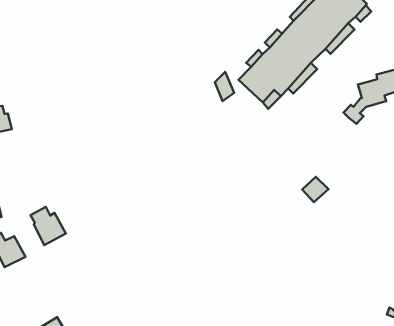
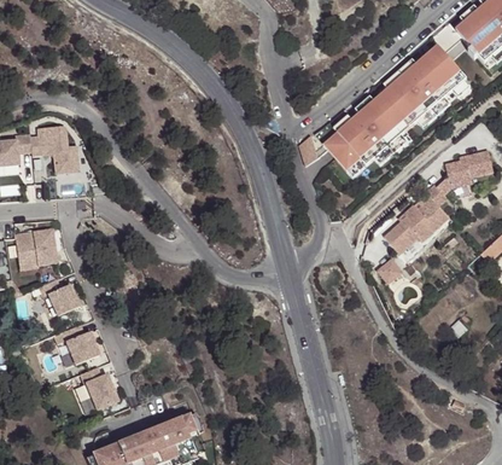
building: none -> [386,196,450,251]
building: [31,207,66,245] -> [64,322,99,362]

